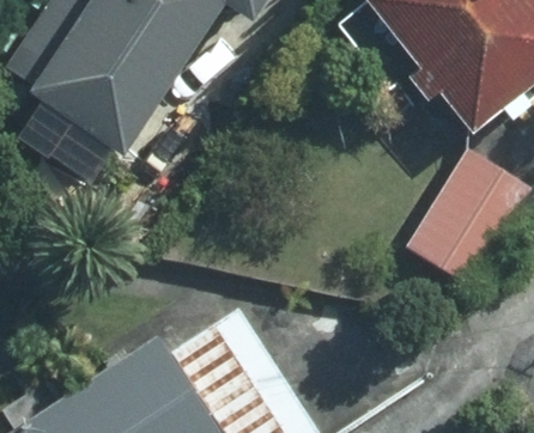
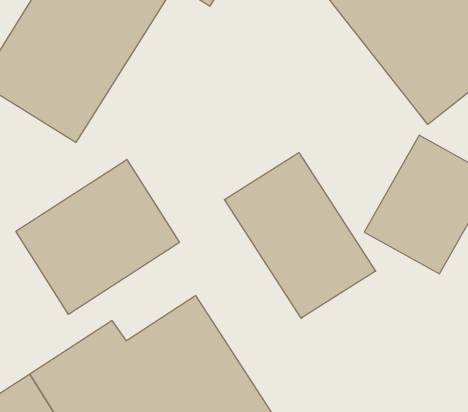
building: none -> [224,153,376,318]
building: none -> [16,159,179,314]

